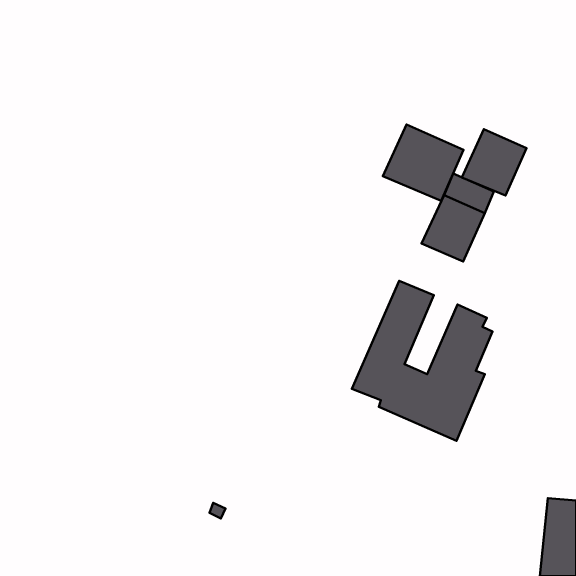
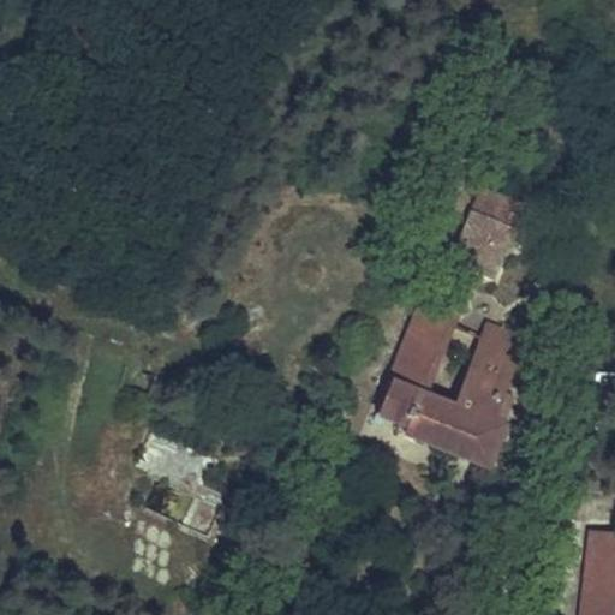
building: [383,125,464,201] -> none
building: [462,129,526,196] -> none

